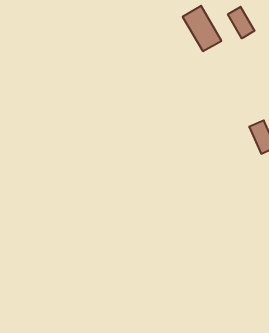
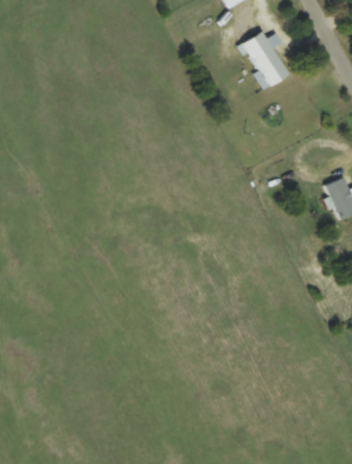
building: [228,7,255,38] -> none

